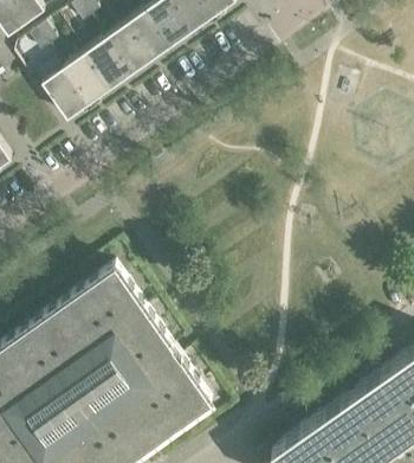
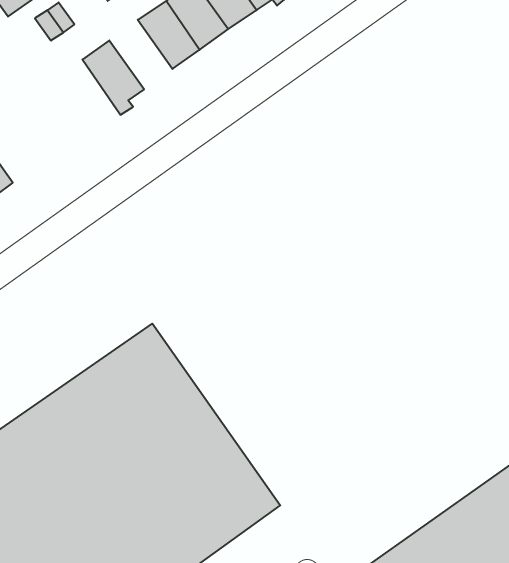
building: [84,40,131,92] -> none
building: [41,70,92,122] -> none

